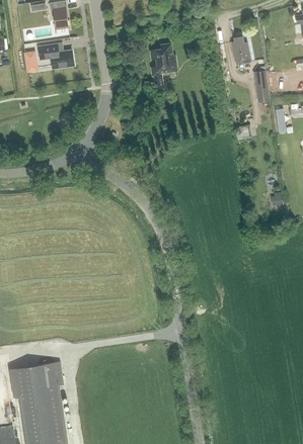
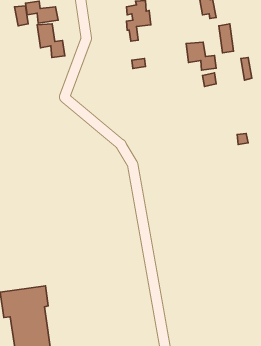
building: none -> [37,24,65,57]
building: none -> [186,42,216,70]

